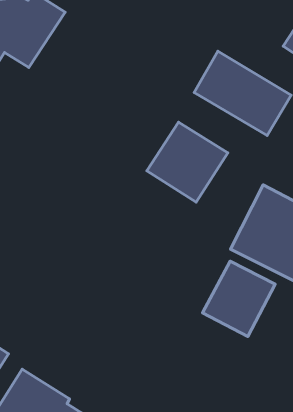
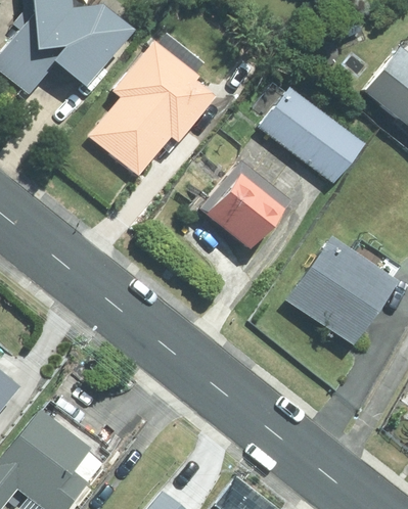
building: none -> [90,39,214,177]
building: [203,261,275,336] -> none

